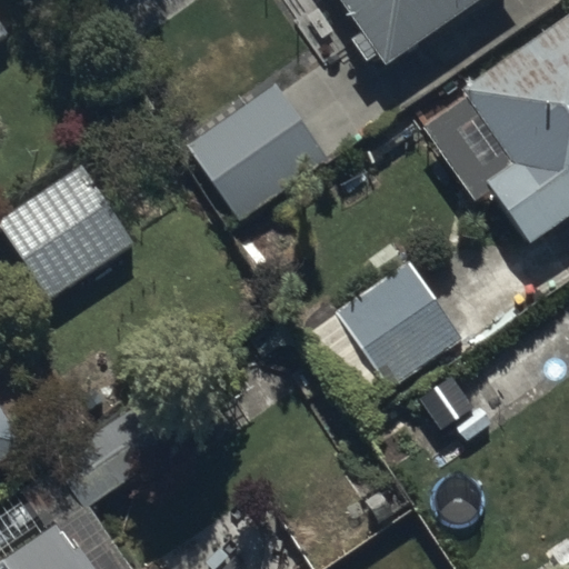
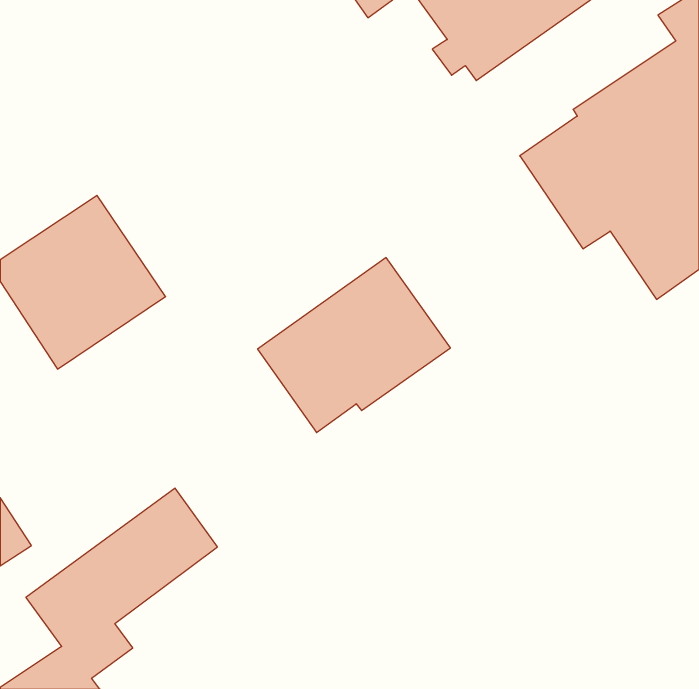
building: [186,80,330,220] -> none
building: [306,262,462,405] -> [258,258,450,433]

